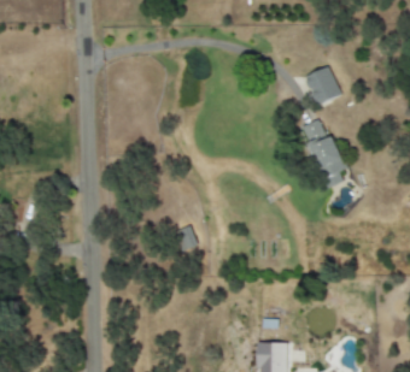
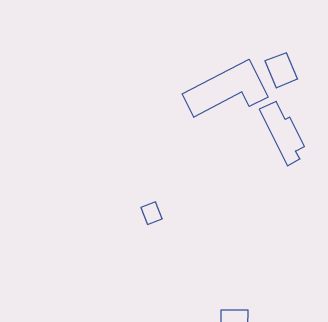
building: none -> [182,59,268,117]

